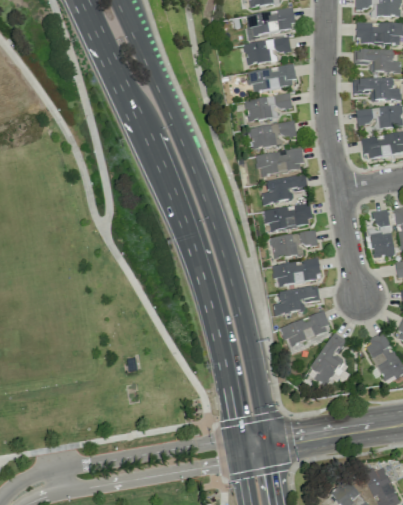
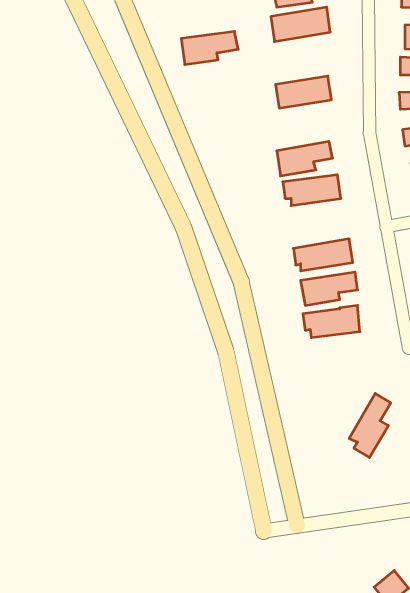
building: [244,37,292,65] -> [181,31,238,65]
building: [247,96,292,120] -> none
building: [261,175,308,204] -> none
building: [274,286,320,316] -> none
building: [281,311,332,347] -> none

